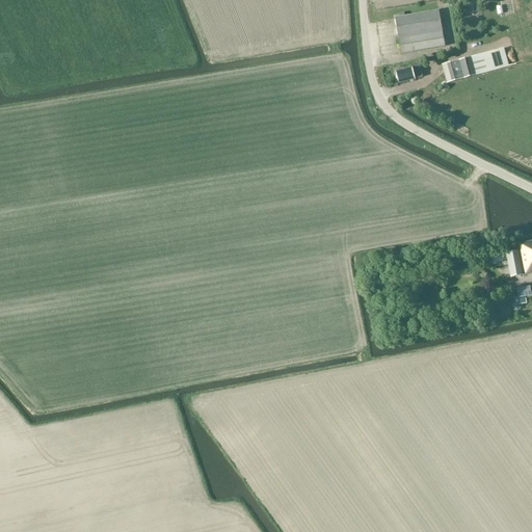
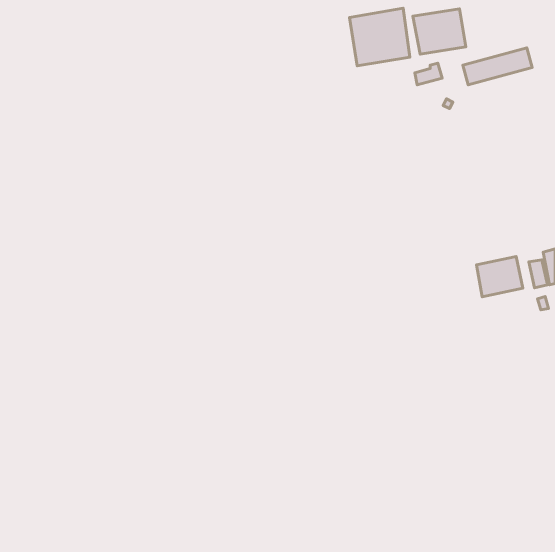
building: none -> [349,8,410,66]
building: none -> [477,256,523,297]

